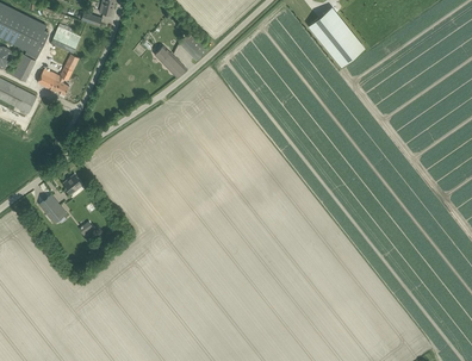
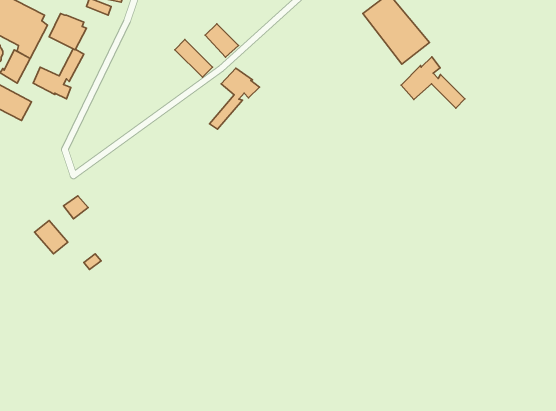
building: none -> [401,57,465,108]
building: none -> [209,68,260,129]

